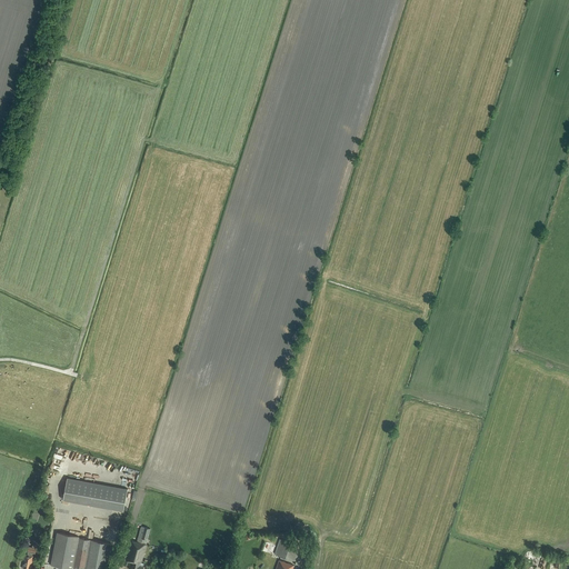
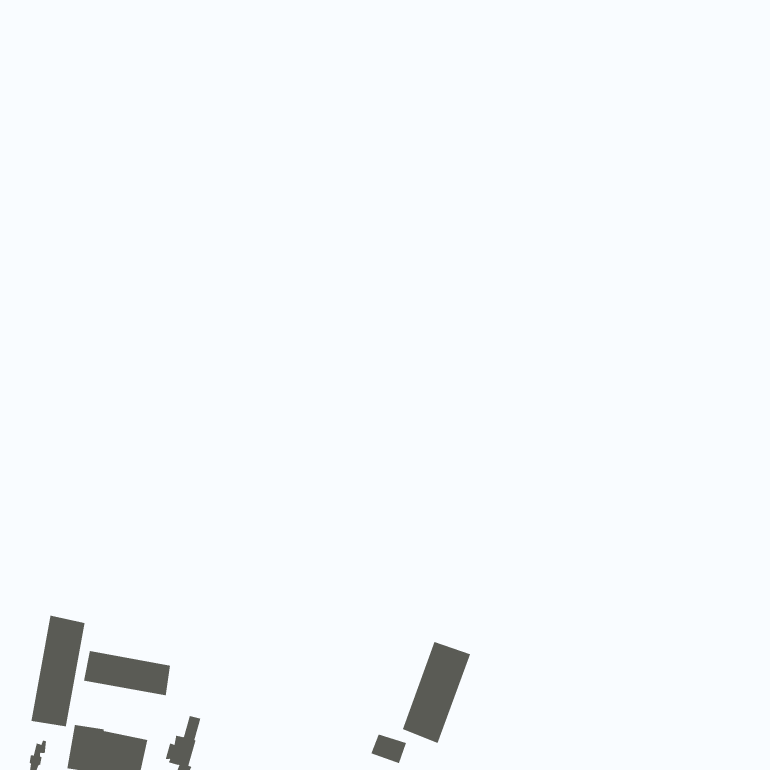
building: none -> [31,615,85,727]
building: none -> [402,641,471,744]

